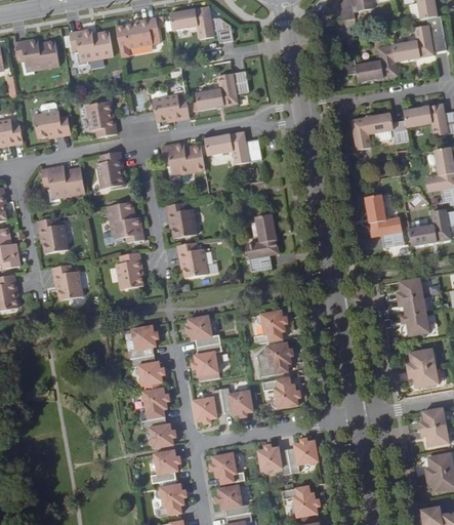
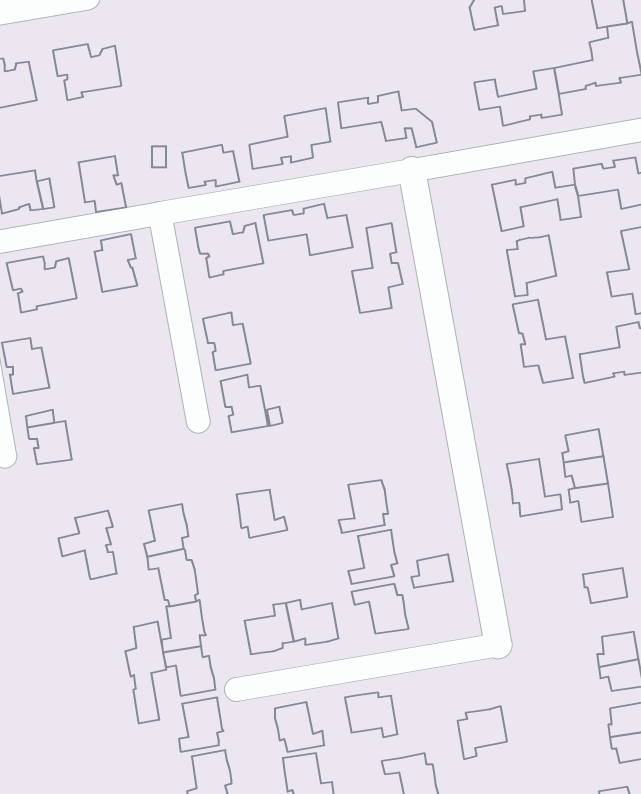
building: [169,7,233,43] -> [338,91,437,147]
building: [124,17,160,48] -> none
building: none -> [507,235,556,297]
building: [107,202,143,243] -> none
building: [246,214,279,272] -> [352,223,403,313]
building: [116,252,142,289] -> none
building: none -> [507,459,562,517]
building: none -> [59,511,117,579]
building: [194,341,221,376] -> none
building: [409,349,436,370] -> none
building: none -> [412,554,453,588]
building: none -> [125,621,166,724]
building: [287,439,319,473] -> [458,706,507,759]

